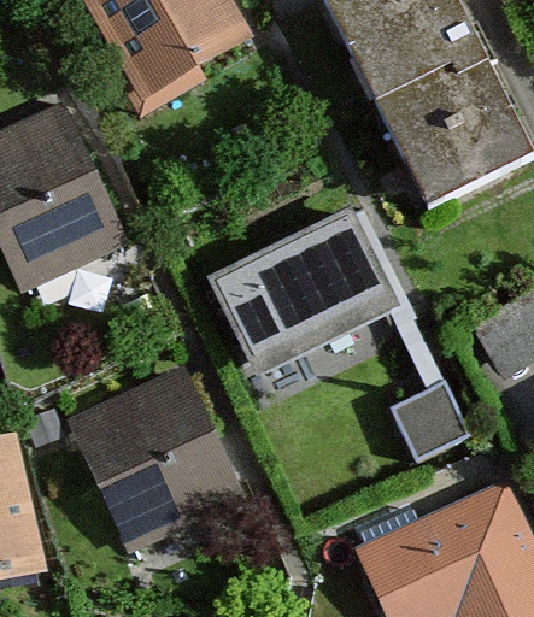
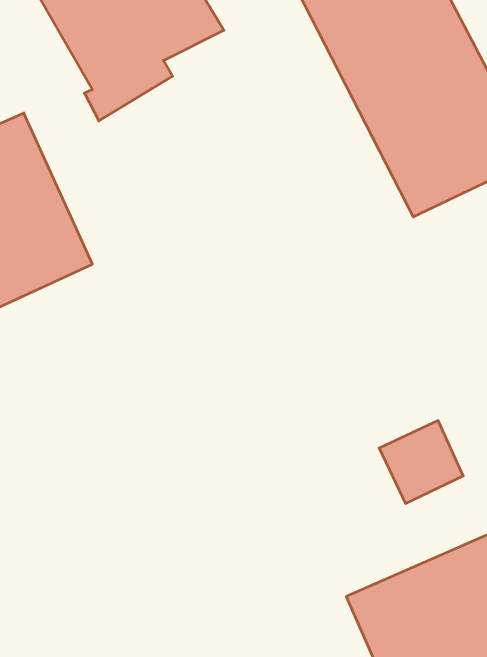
building: [203,204,400,370] -> none
building: [76,371,243,552] -> none

